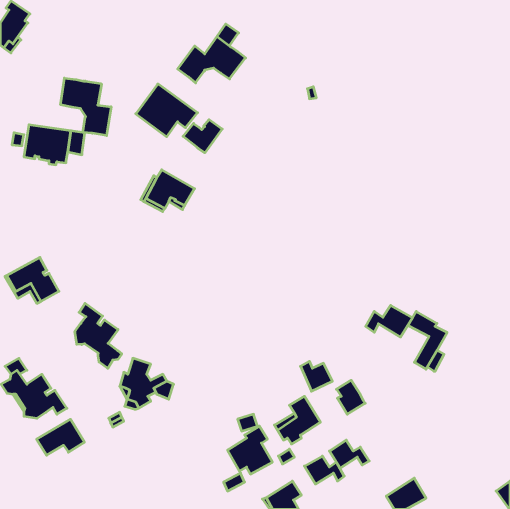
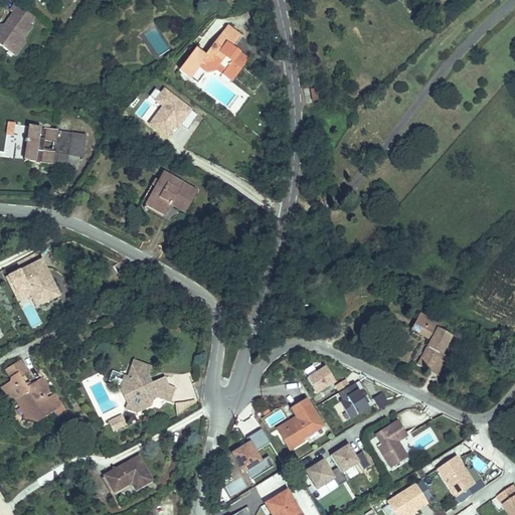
building: [61,78,111,136] -> none
building: [183,120,222,153] -> none
building: [75,303,122,368] -> none
building: [366,305,413,337] -> none
building: none -> [374,420,406,468]
building: [37,419,84,455] -> [104,457,152,493]
building: none -> [440,455,478,495]

